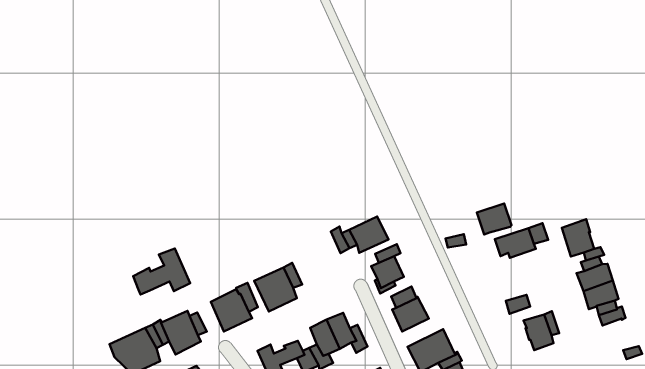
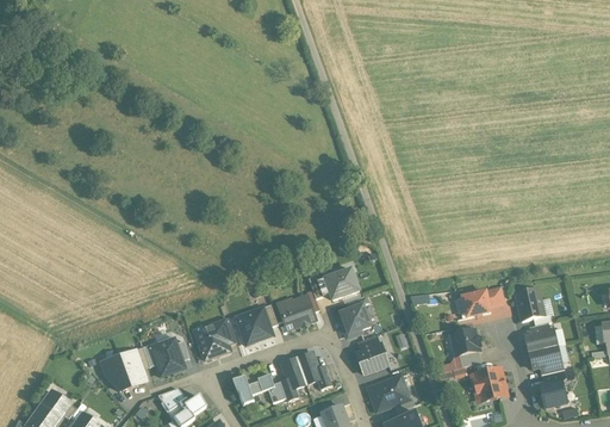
building: [477,203,511,234] -> [449,329,479,355]
building: [133,249,190,295] -> none
building: none -> [278,293,315,328]
building: none -> [539,379,566,407]

